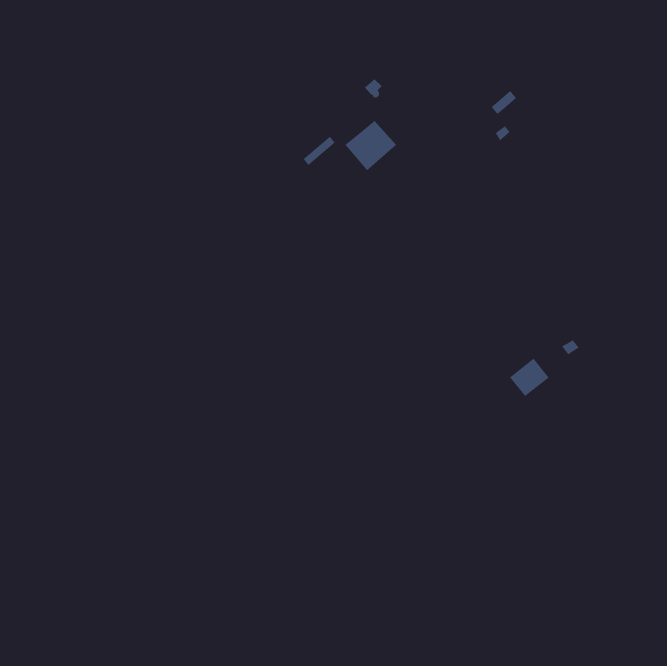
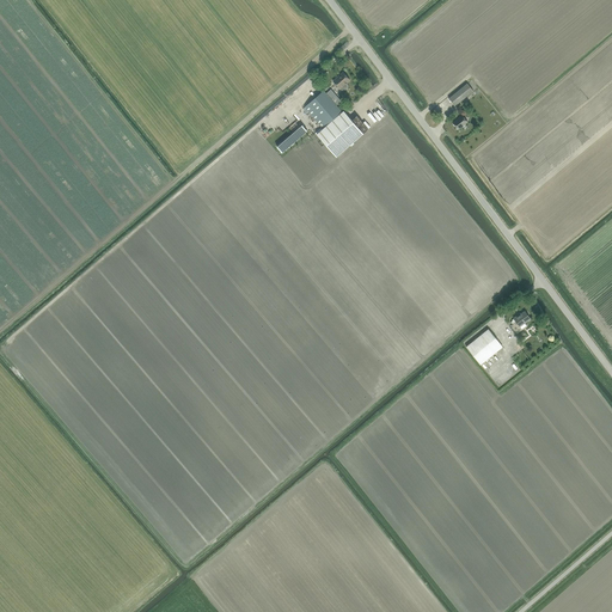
building: none -> [305,90,342,127]

